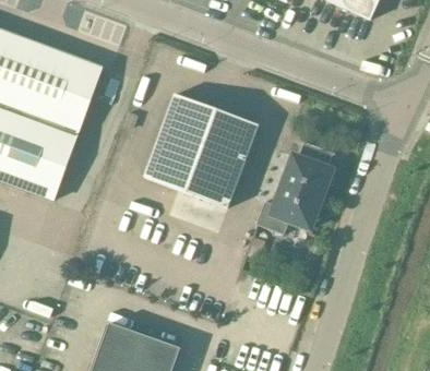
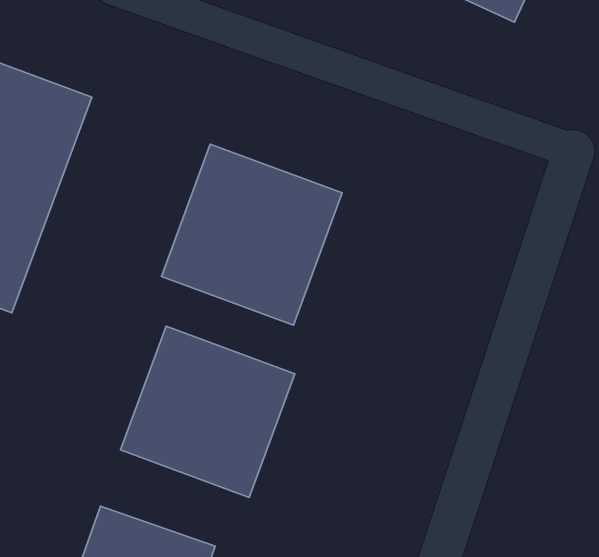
building: [258,140,336,234] -> none
building: none -> [121,326,295,497]

